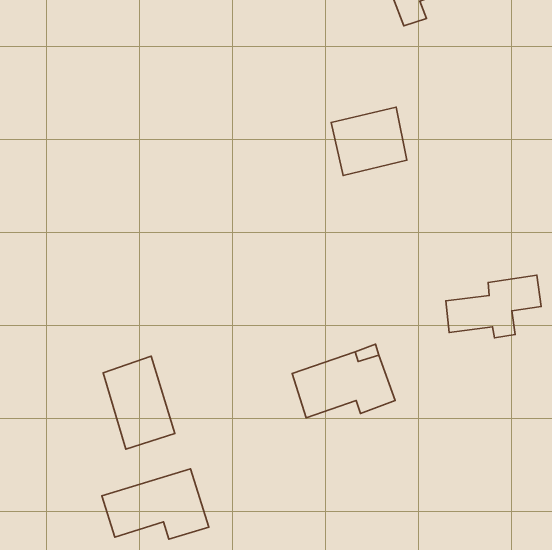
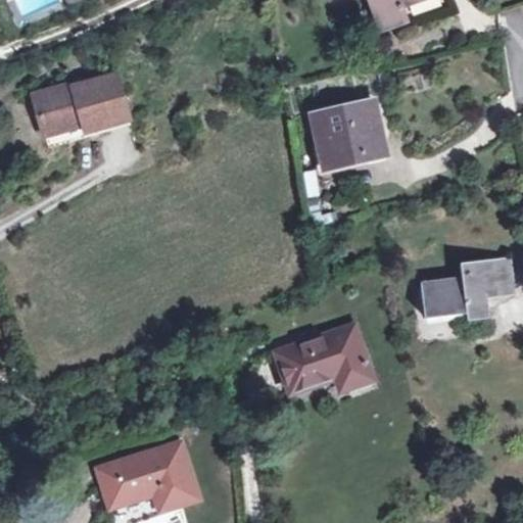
building: none -> [32,75,126,134]
building: [103,356,175,449] -> none

